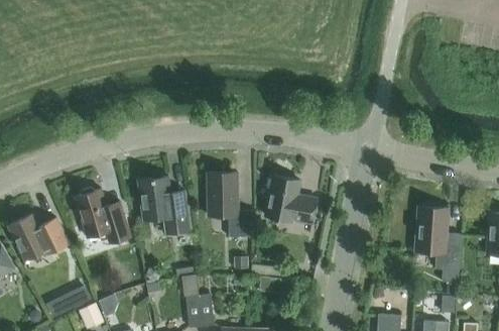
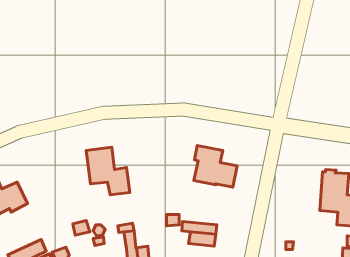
building: [207,172,252,236] -> none
building: [74,187,130,242] -> none

